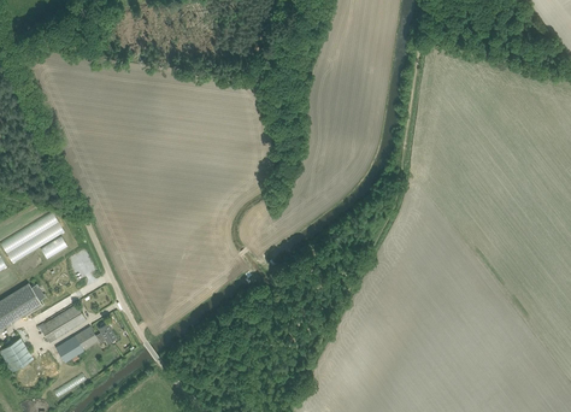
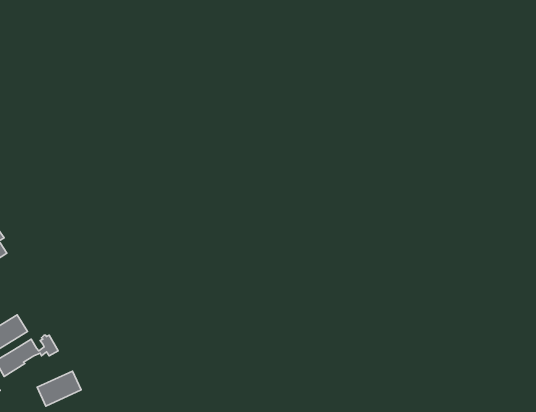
building: none -> [37,371,81,406]

